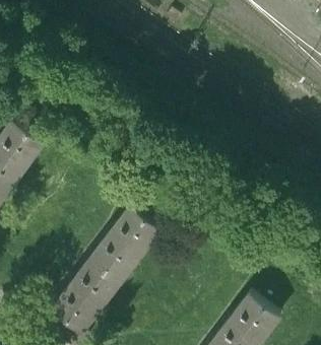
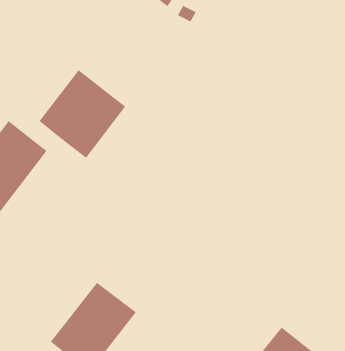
building: none -> [39,69,126,159]
building: [88,204,164,283] -> none

